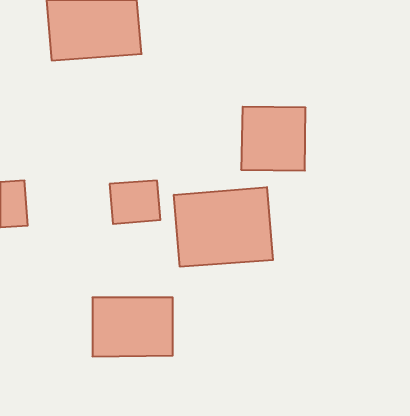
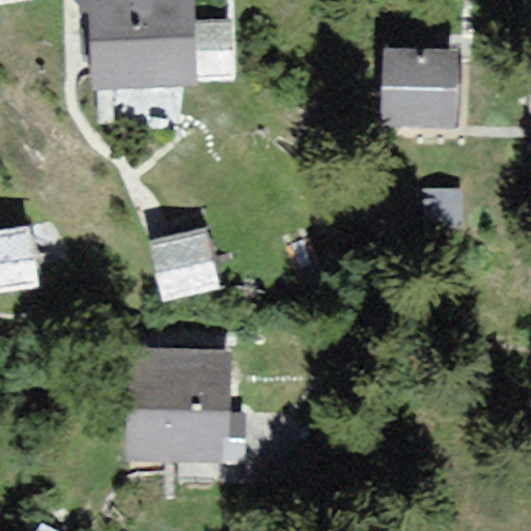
building: [241,107,306,171] -> [393,47,475,128]
building: [174,187,273,267] -> none

